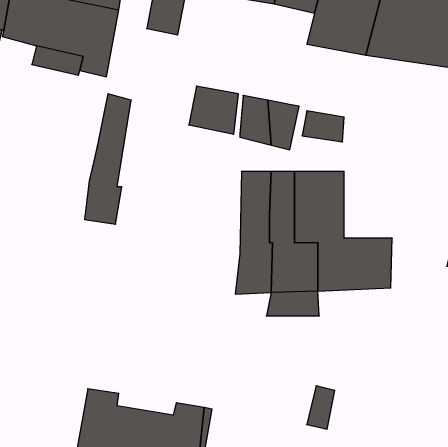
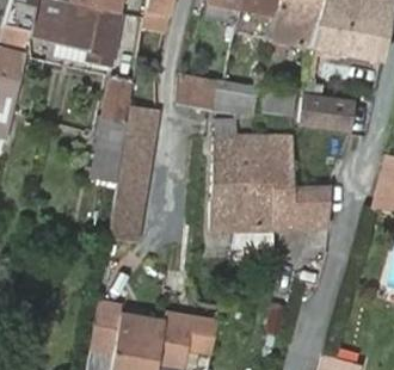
building: none -> [300,69,356,129]
building: none -> [107,107,159,246]

